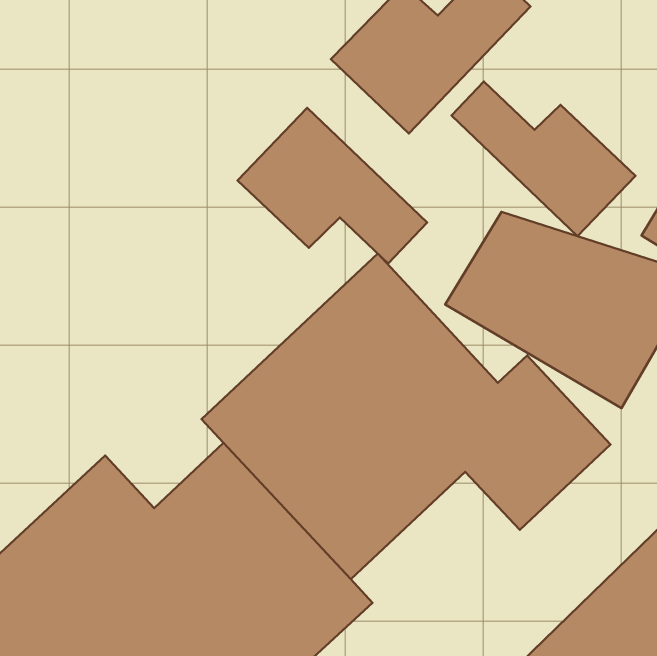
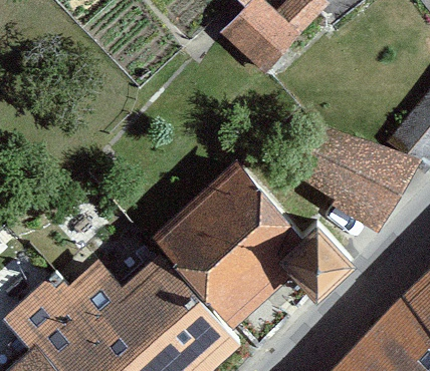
building: [451,82,636,236] -> none
building: [237,108,427,263] -> none

